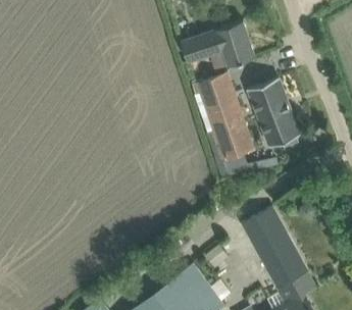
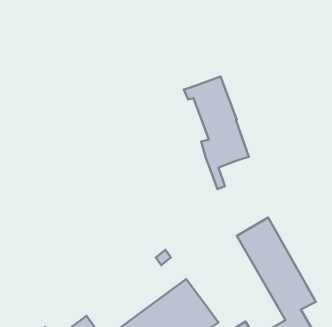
building: [179,20,255,66] -> none
building: [247,80,299,146] -> none

